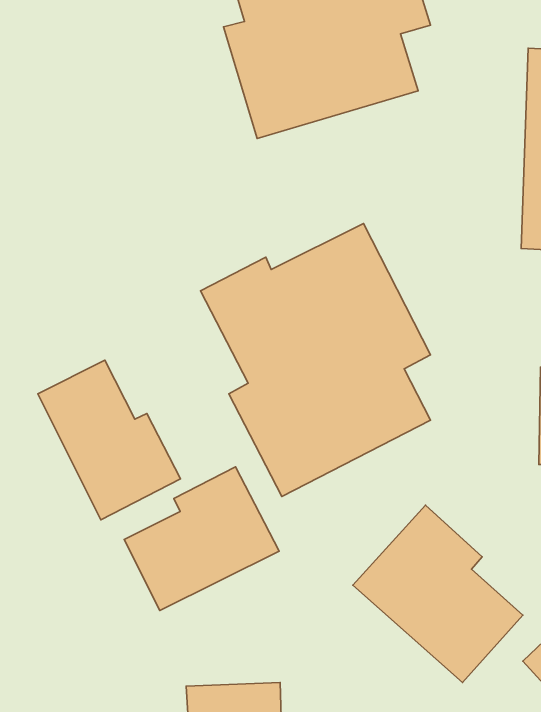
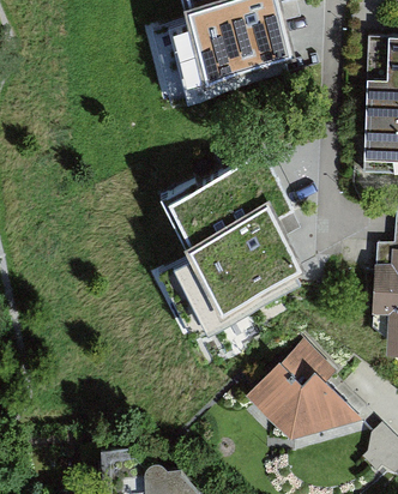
building: [38,360,180,520] -> none
building: [124,467,279,611] -> none

